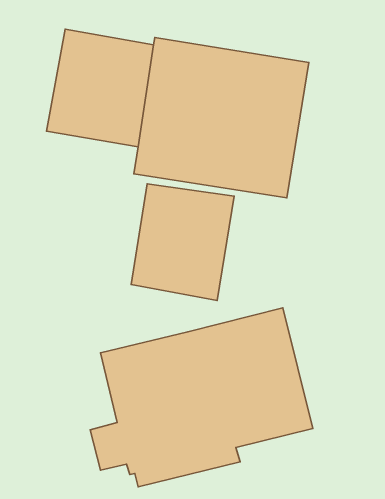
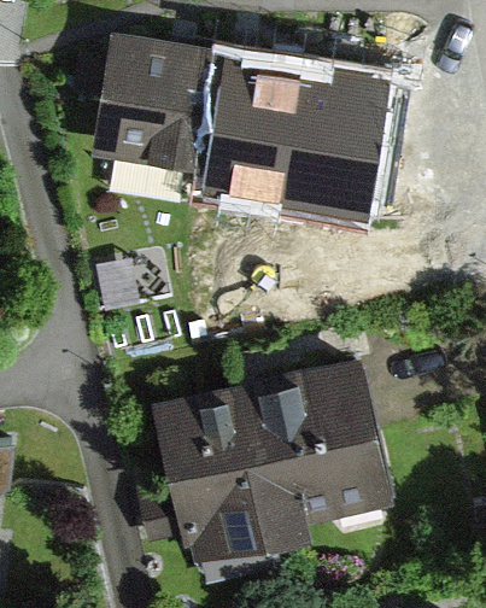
building: [131,184,234,301] -> none

